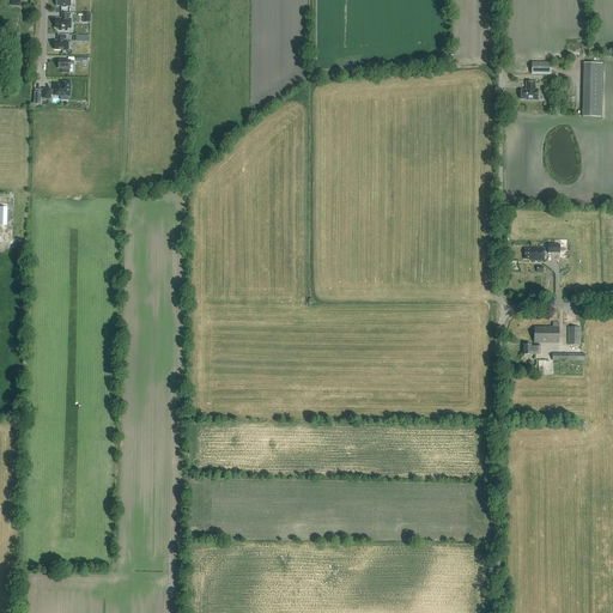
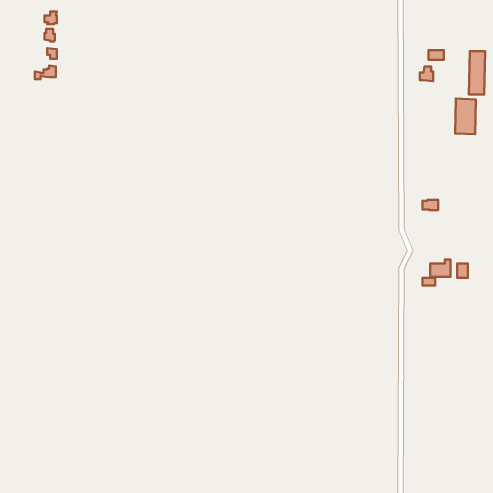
building: none -> [455,99,476,134]

